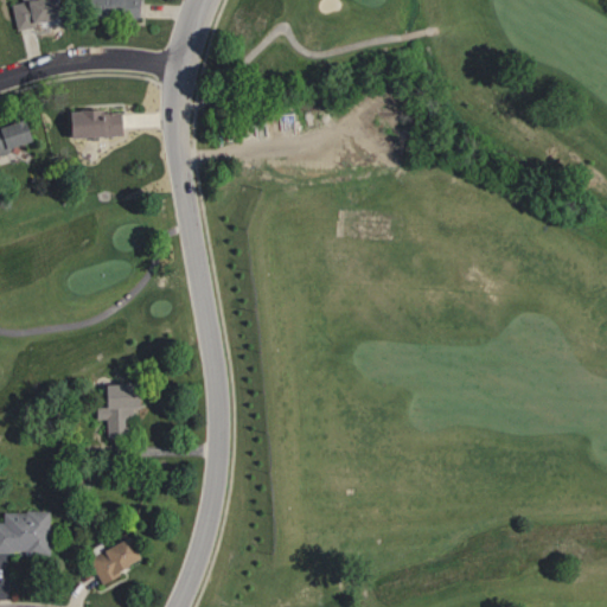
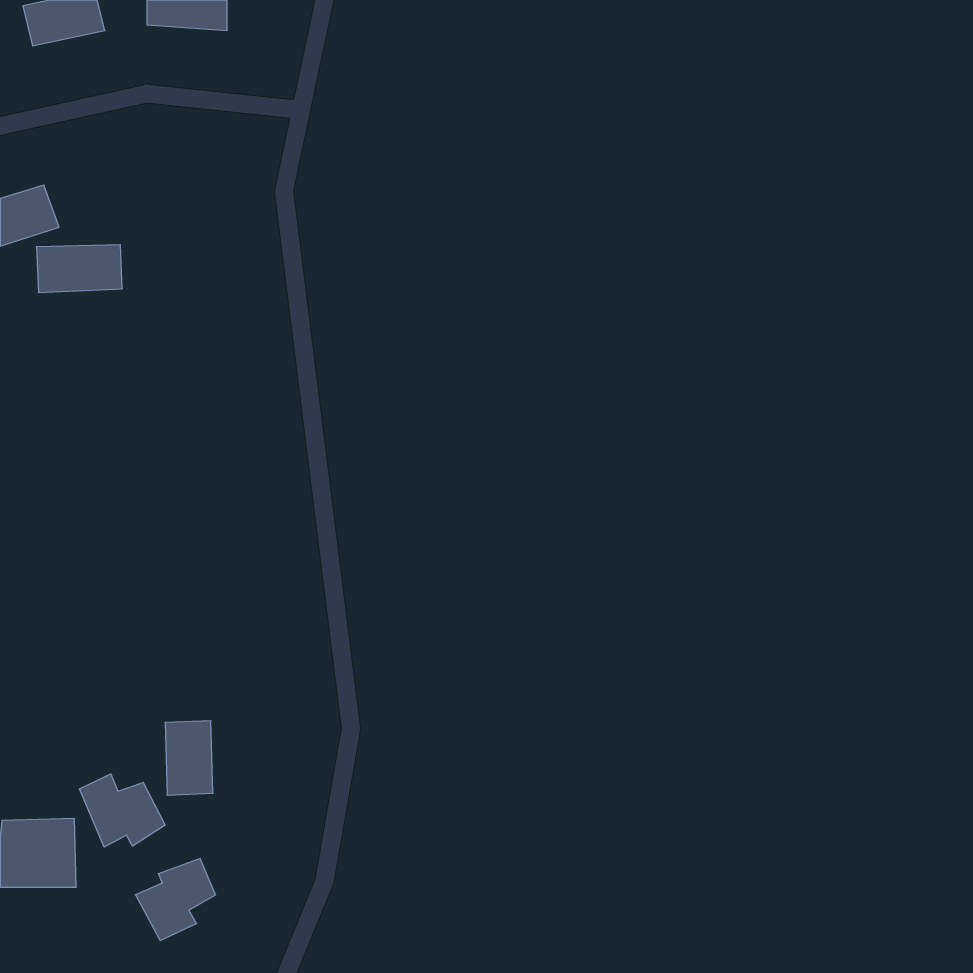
building: [74,110,127,140] -> [36,245,122,292]
building: [101,385,130,432] -> [165,721,213,795]
building: none -> [79,774,165,847]

